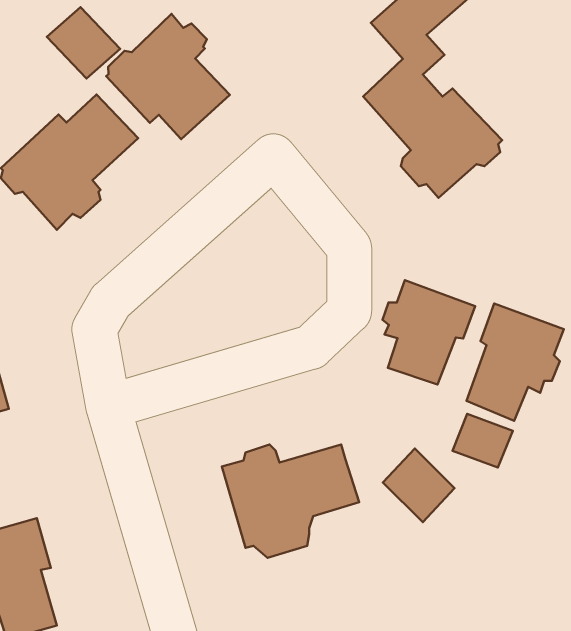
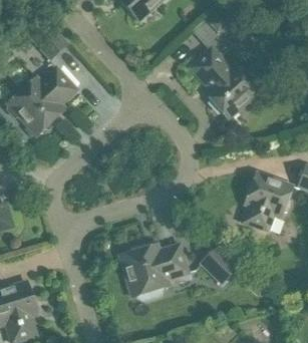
building: [106,14,230,139] -> none
building: [383,280,475,385] -> none
building: [452,414,513,468] -> none

